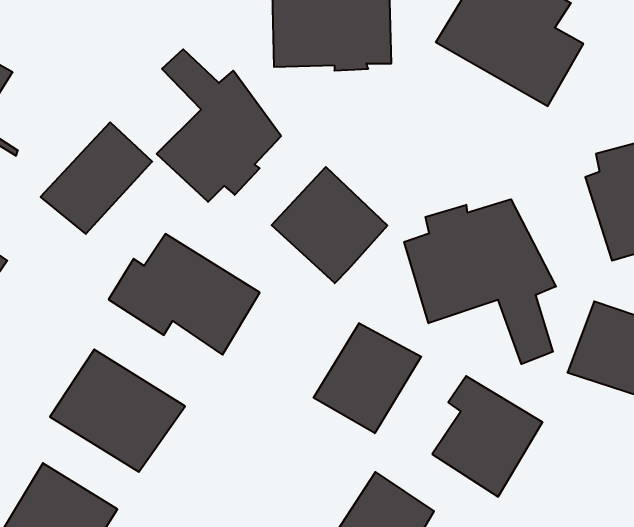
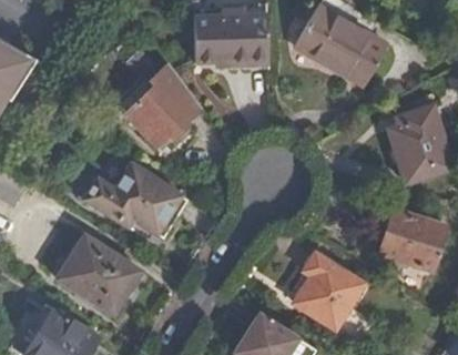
building: [41,122,152,234] -> none
building: [272,167,387,283] -> none
building: [404,199,556,364] -> none
building: [313,323,421,433] -> none

